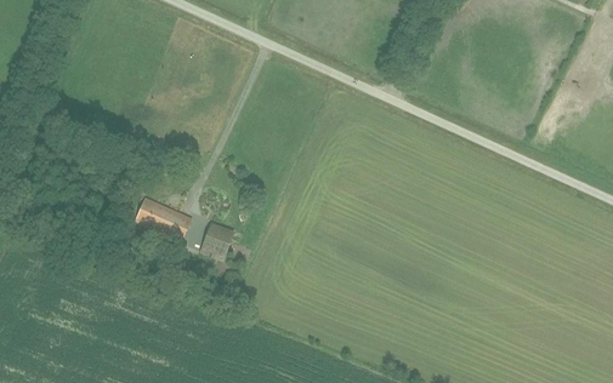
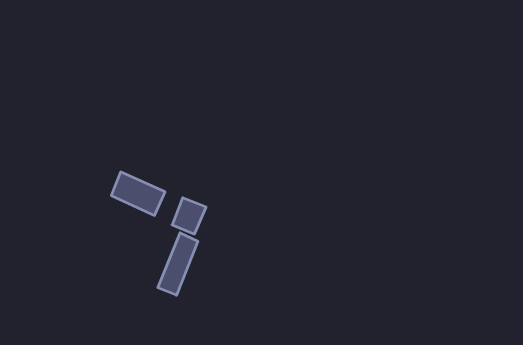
building: none -> [158,233,198,295]

